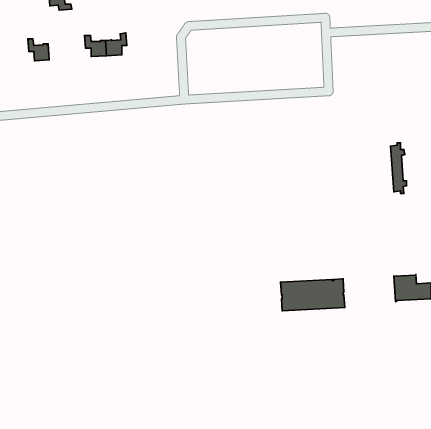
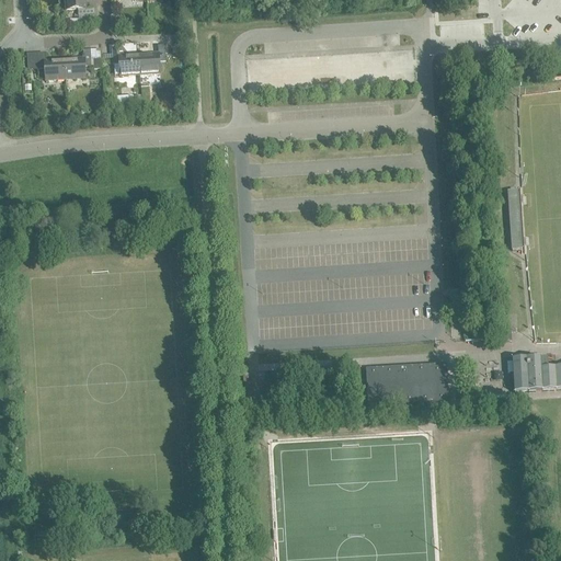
building: none -> [62,47,90,78]

